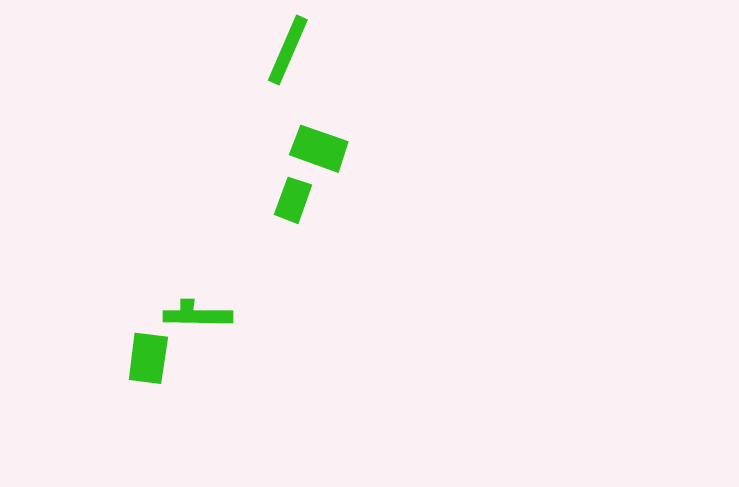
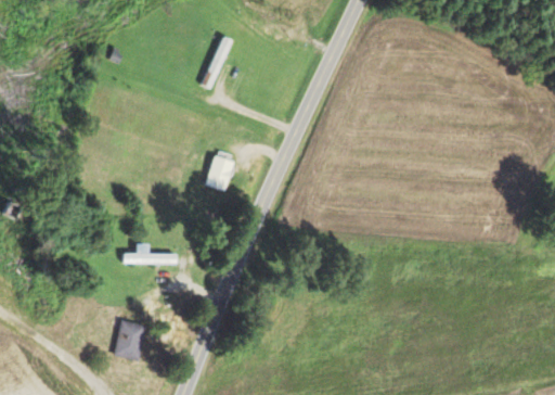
building: [288,123,350,174] -> none
building: [128,332,169,385] -> [114,320,144,359]

